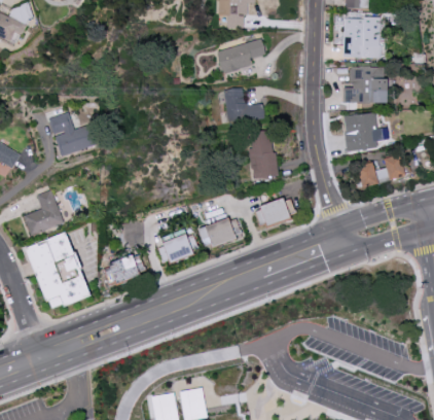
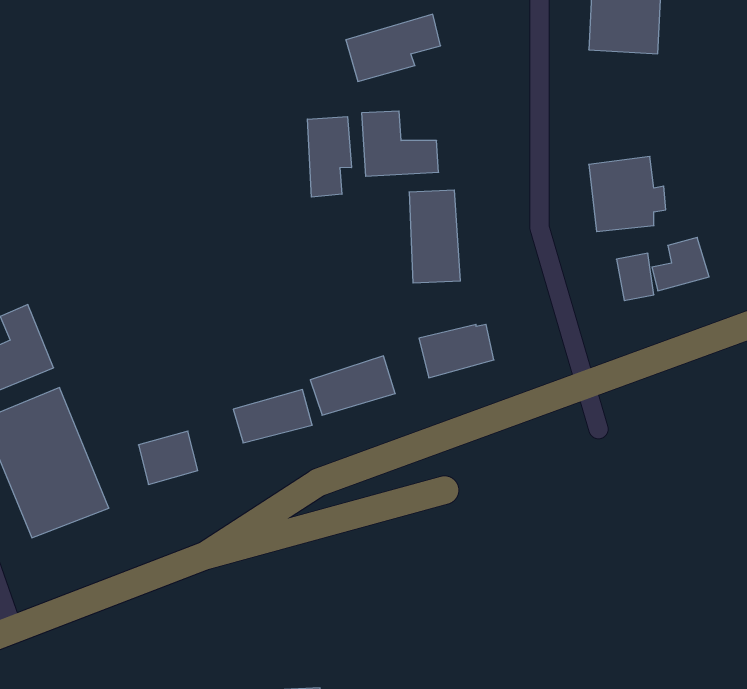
building: [345,67,386,103] -> none
building: none -> [307,117,351,197]
building: [49,112,97,155] -> none

